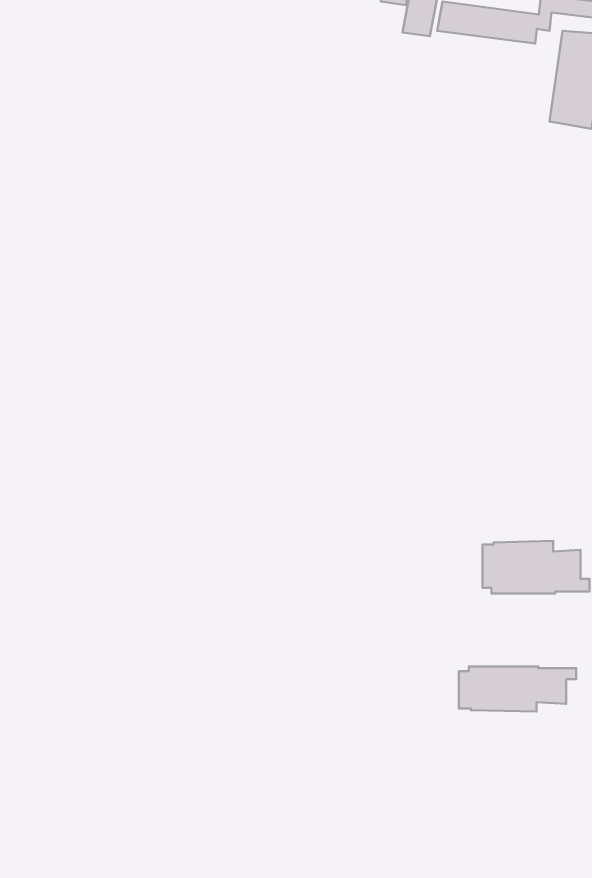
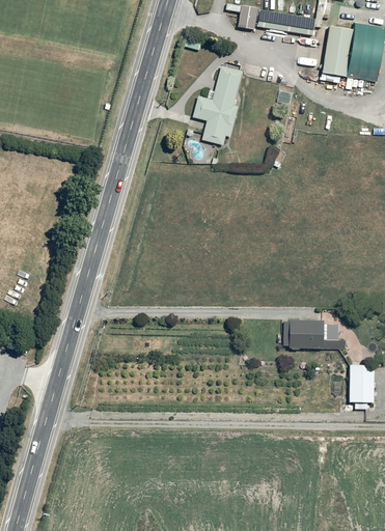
building: none -> [193,64,242,145]
building: [459,667,576,712] -> none

